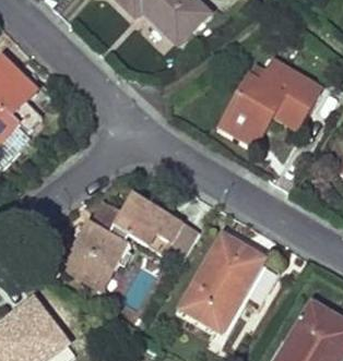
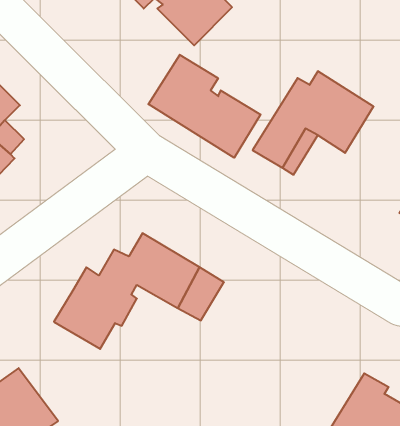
building: none -> [148,55,261,158]
building: [180,233,279,328] -> none

